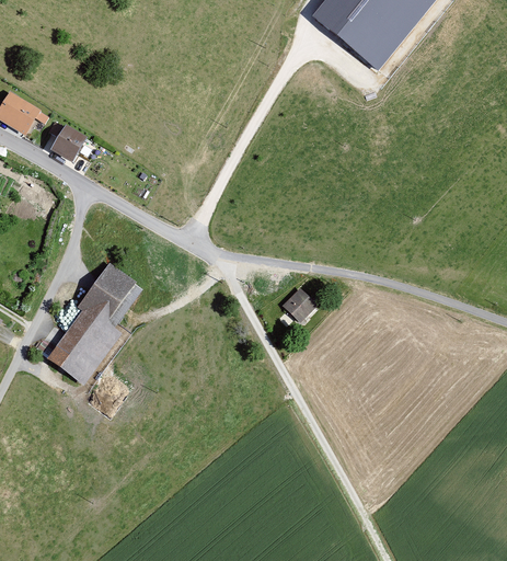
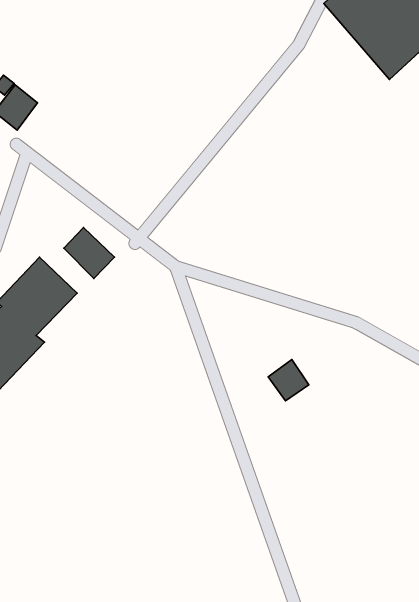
building: none -> [64,227,115,278]
building: [281,286,316,321] -> [268,360,309,401]

